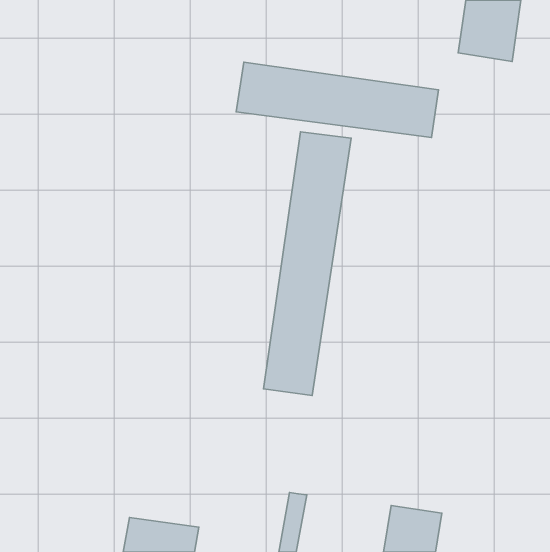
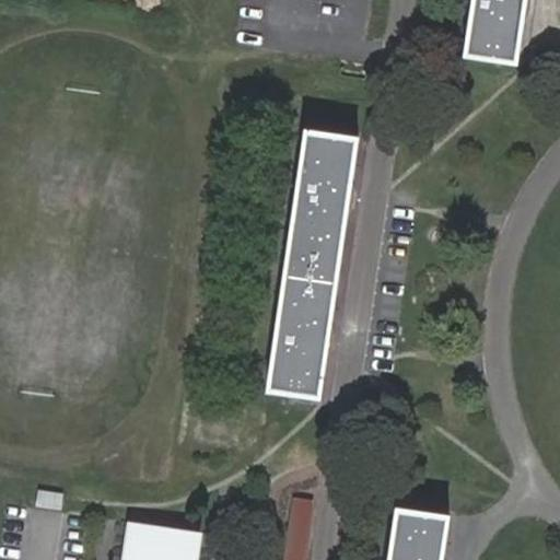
building: [236,62,439,138] -> none

